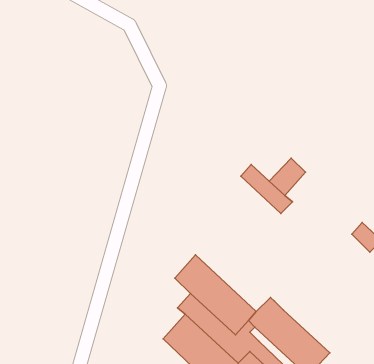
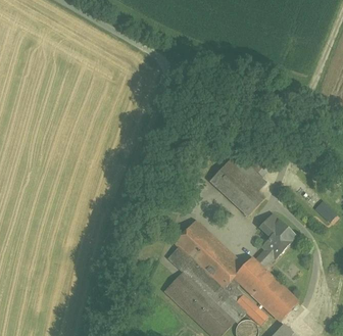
building: none -> [209,161,264,215]
building: none -> [253,213,295,268]

